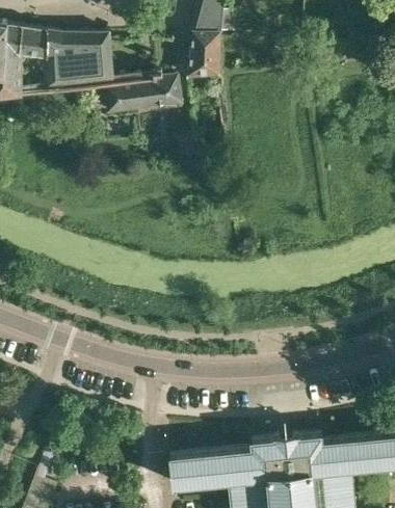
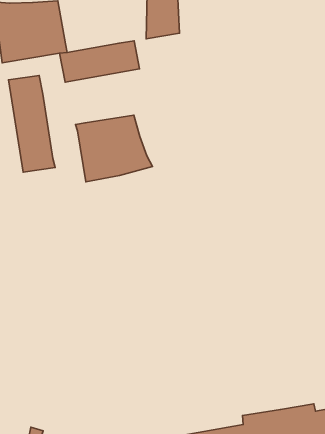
building: none -> [9,76,55,172]
building: none -> [76,115,152,182]

